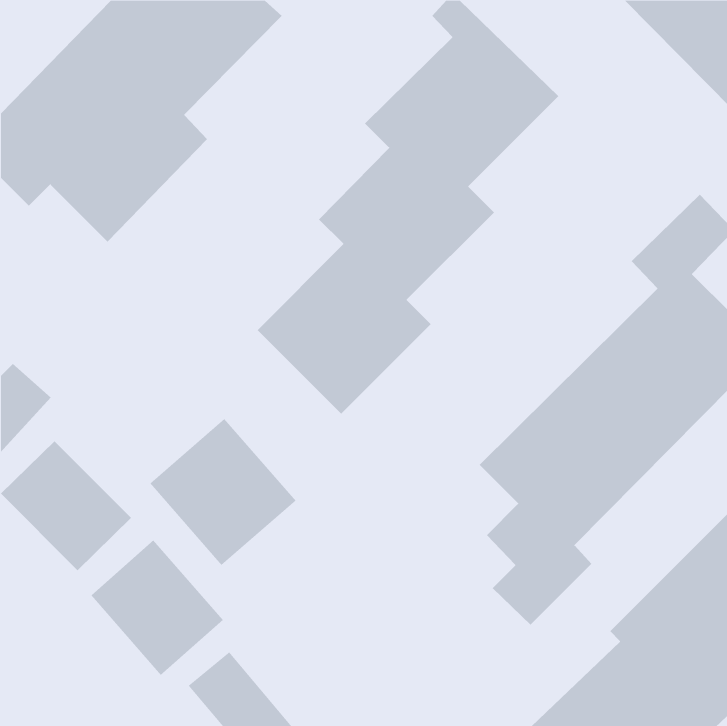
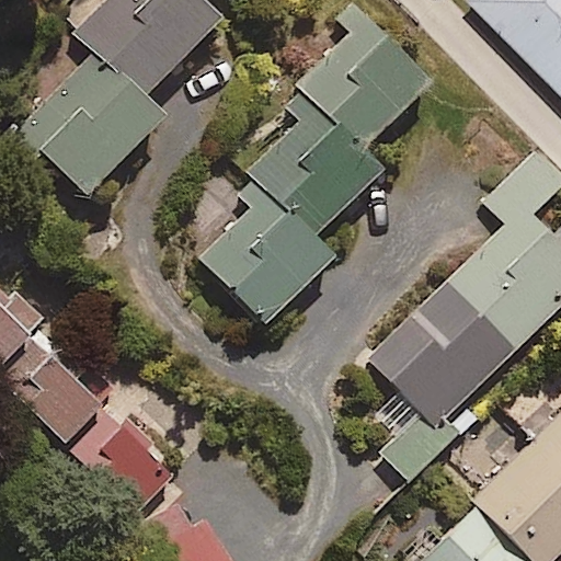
building: [149,418,296,566] -> none

